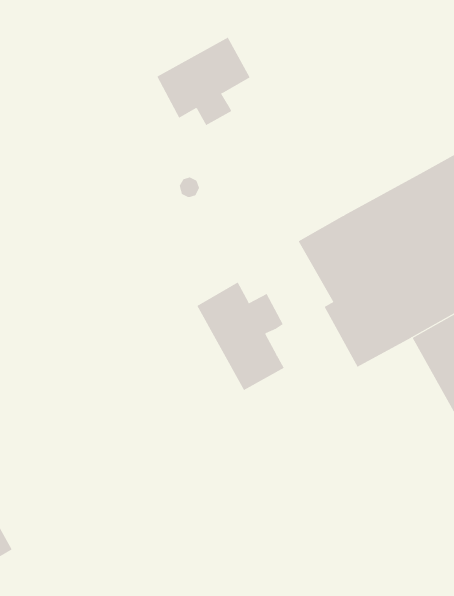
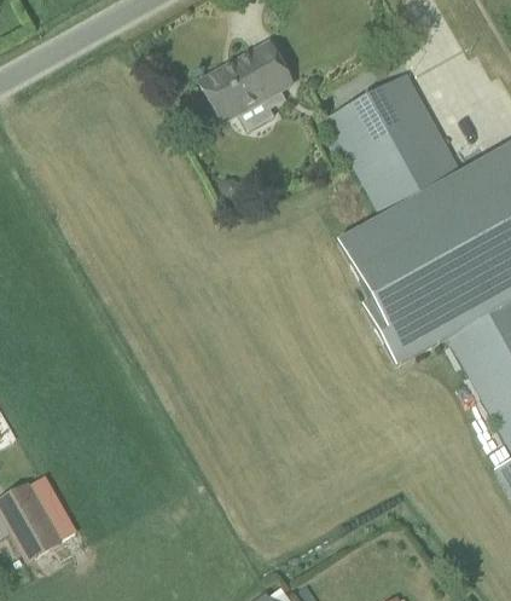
building: none -> [330,74,461,214]
building: [197,282,284,391] -> none

